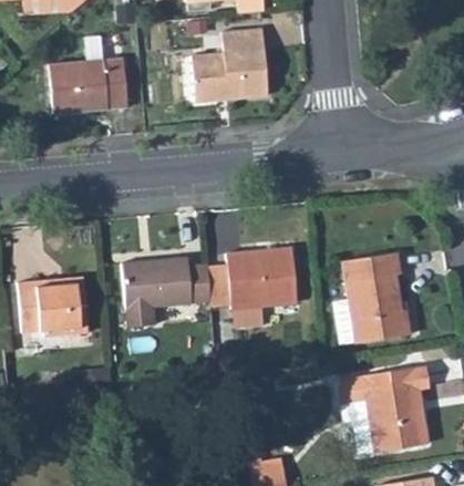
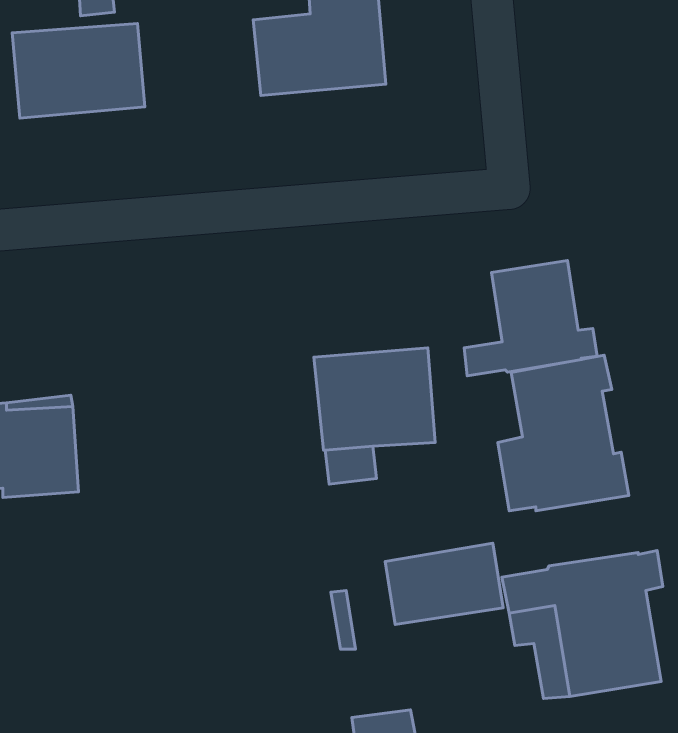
building: none -> [464,261,597,376]
building: [122,256,212,324] -> none
building: none -> [385,543,503,625]

